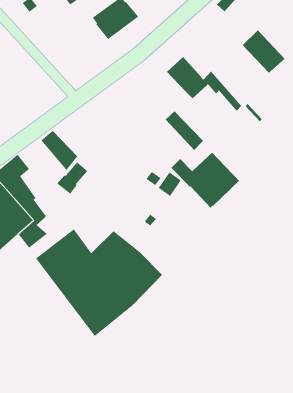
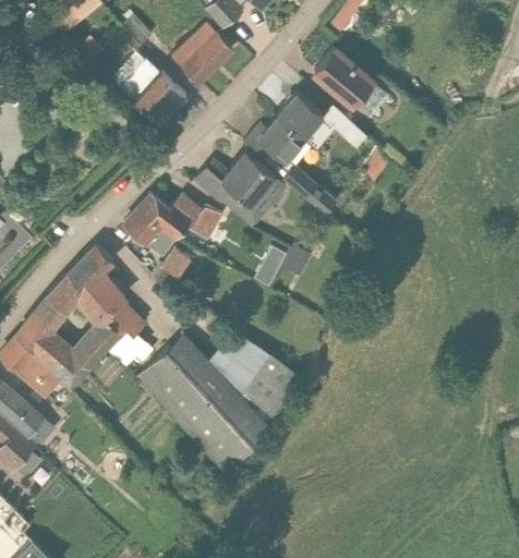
building: none -> [118,57,185,123]
building: [242,29,286,74] -> [316,51,375,107]
building: none -> [256,116,303,162]
building: none -> [137,194,222,240]
building: [171,152,240,209] -> [194,151,286,226]

